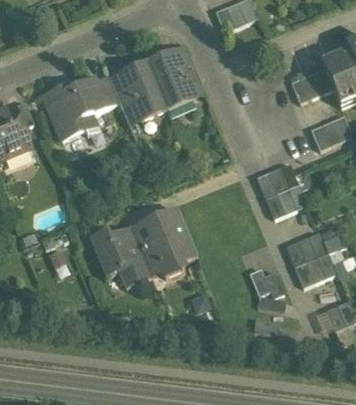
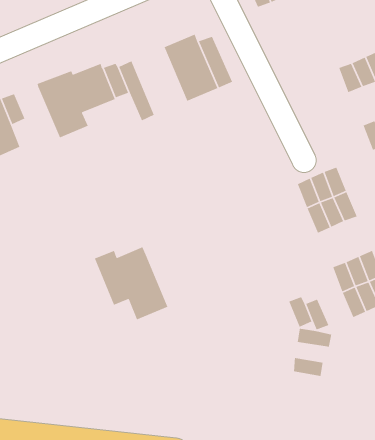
building: [122,63,167,120] -> none
building: [134,209,197,277] -> none

